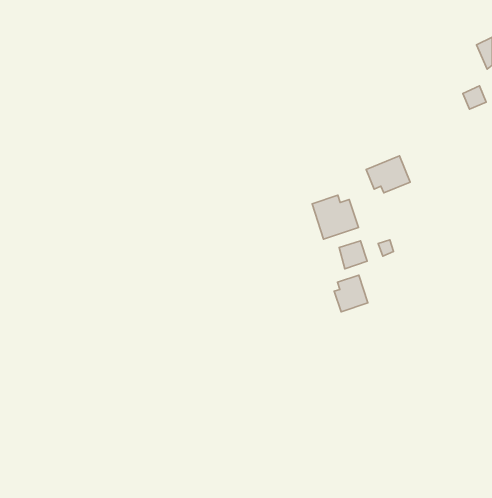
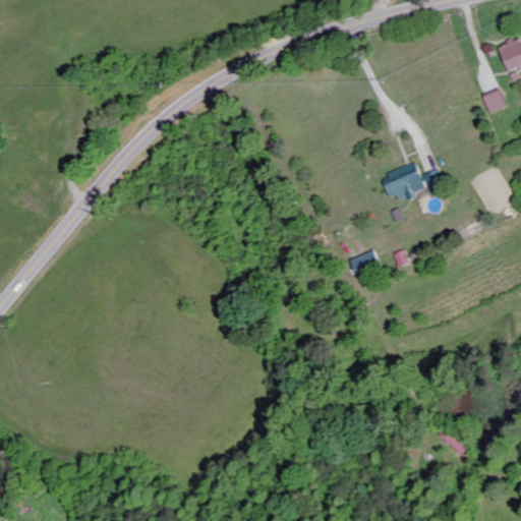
building: [312,195,358,239] -> none
building: [334,275,368,312] -> none

